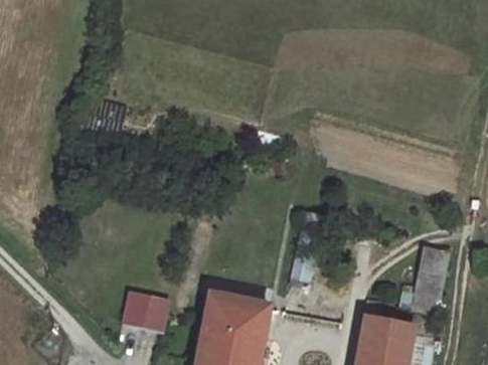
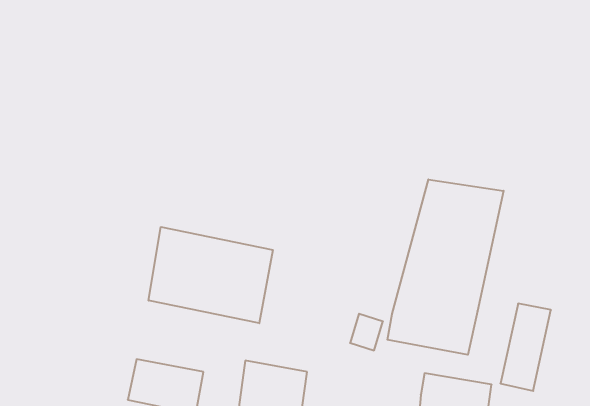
building: none -> [387,179,504,355]
building: none -> [149,227,273,323]

